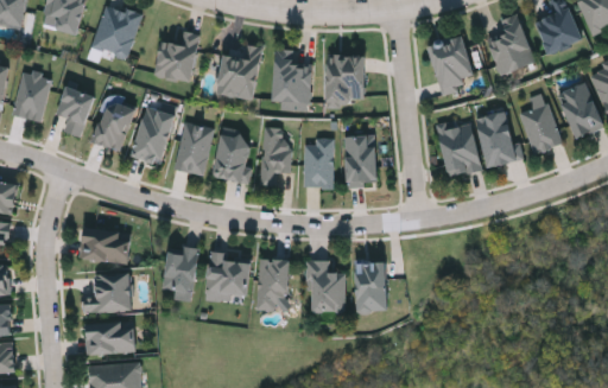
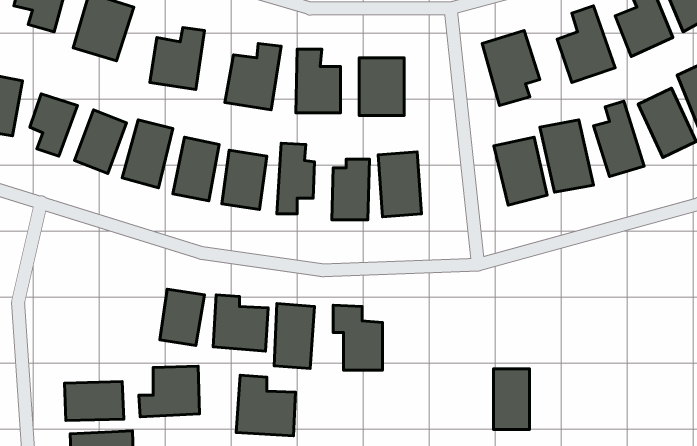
building: [78,227,131,263] -> none
building: [357,262,387,312] -> [493,369,530,430]
building: [82,272,132,313] -> [139,366,199,417]
building: none -> [236,375,295,436]

